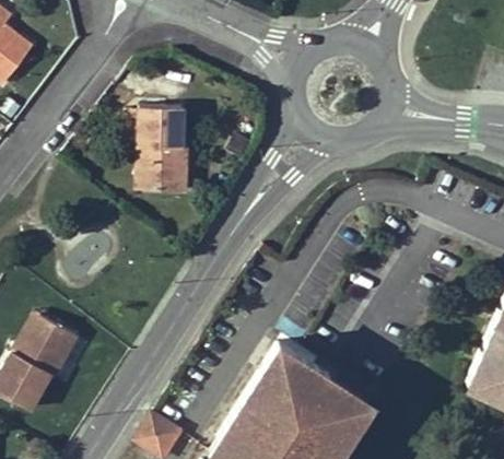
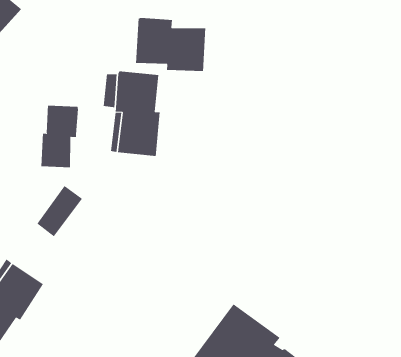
building: none -> [136,17,206,72]
building: none -> [41,105,78,168]

